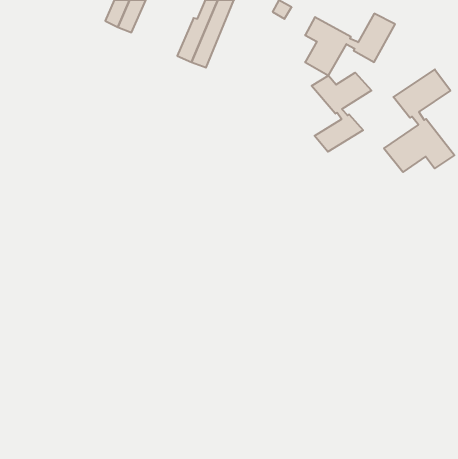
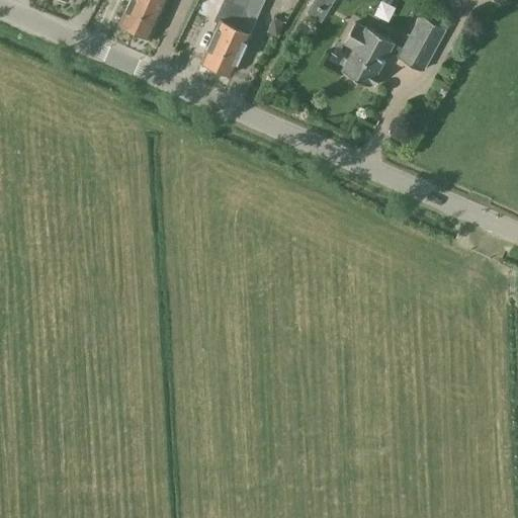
building: [384,69,454,172] -> none
building: [312,73,371,152] -> none

